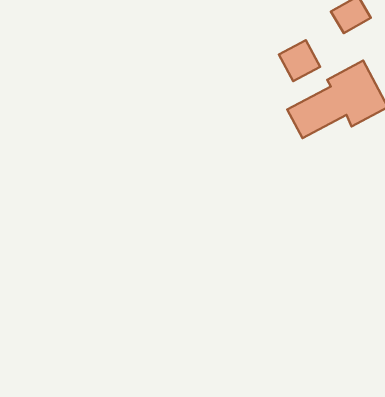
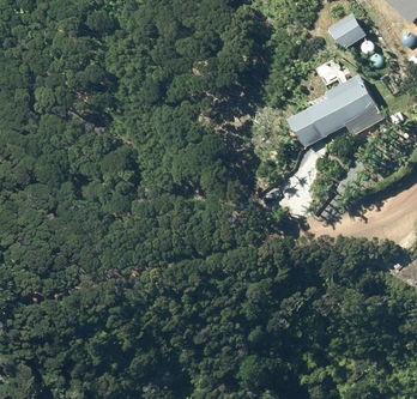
building: [279,40,320,81] -> none

